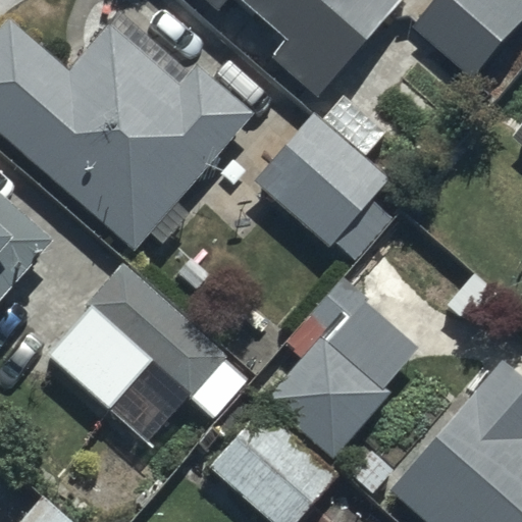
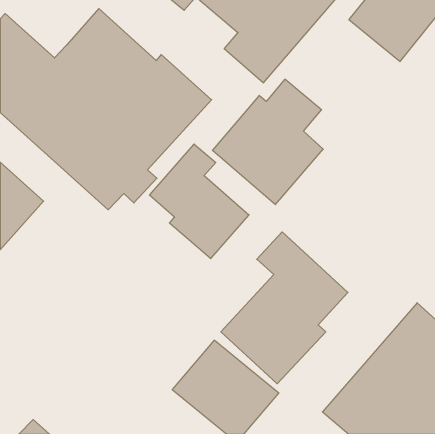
building: none -> [149,144,249,259]
building: [41,263,225,411] -> none

